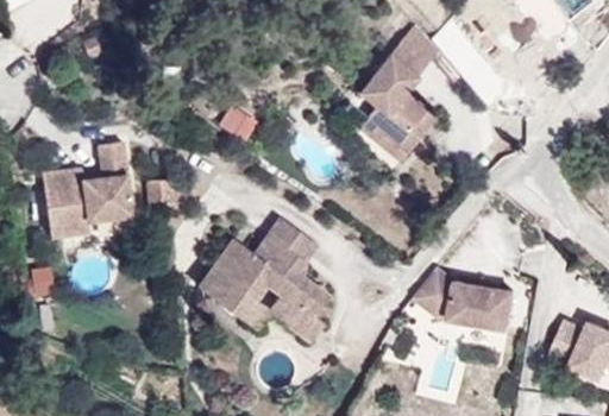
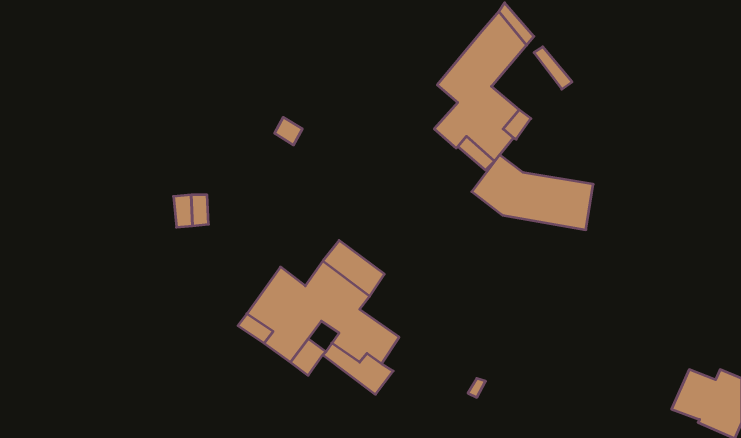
building: [42,143,131,237] -> none
building: [414,269,513,329] -> [472,155,593,230]

